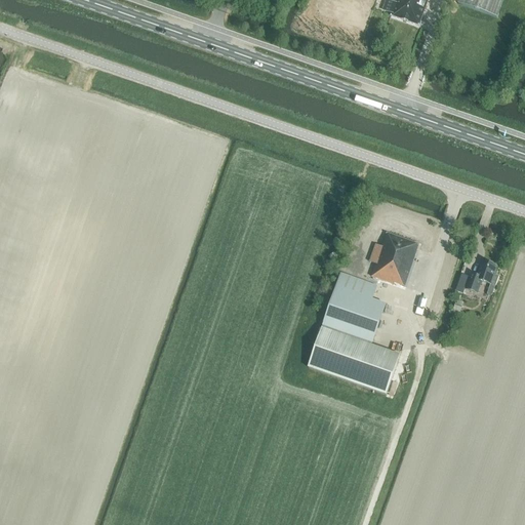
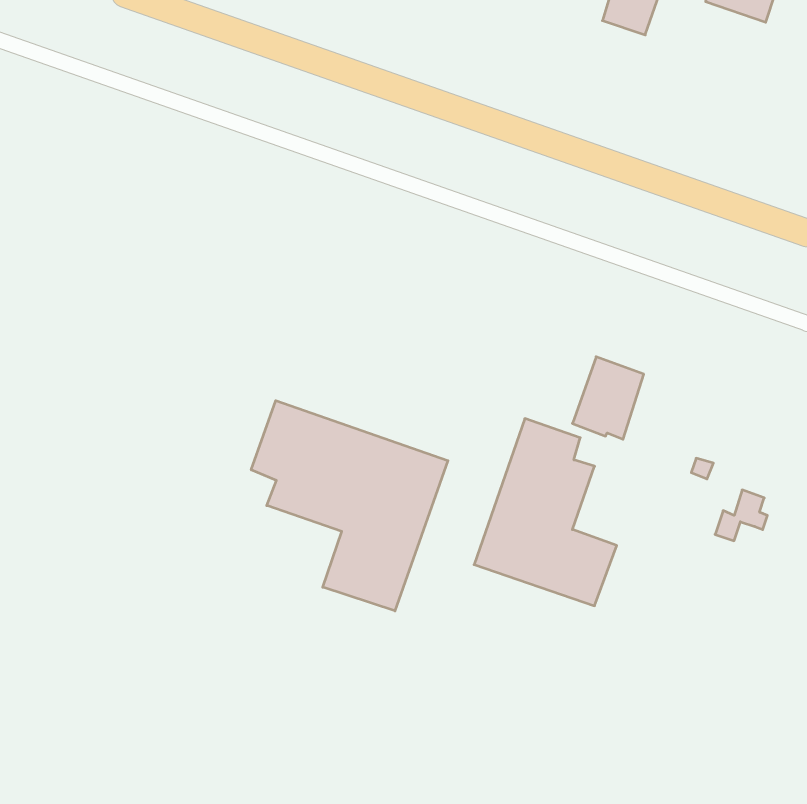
building: [463,258,497,291] -> [715,490,767,541]
building: none -> [251,401,448,611]

